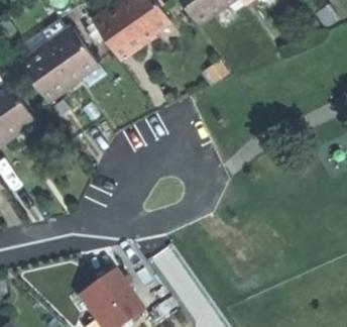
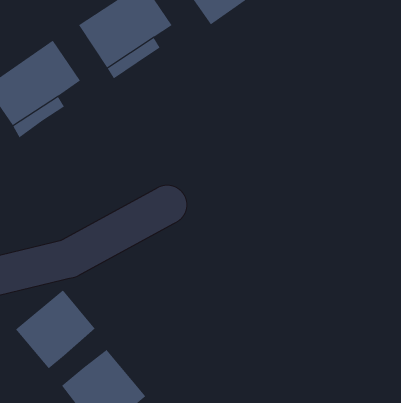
building: none -> [15,289,95,369]

